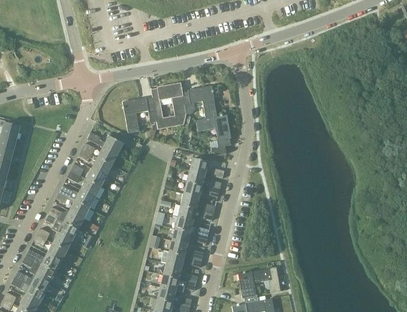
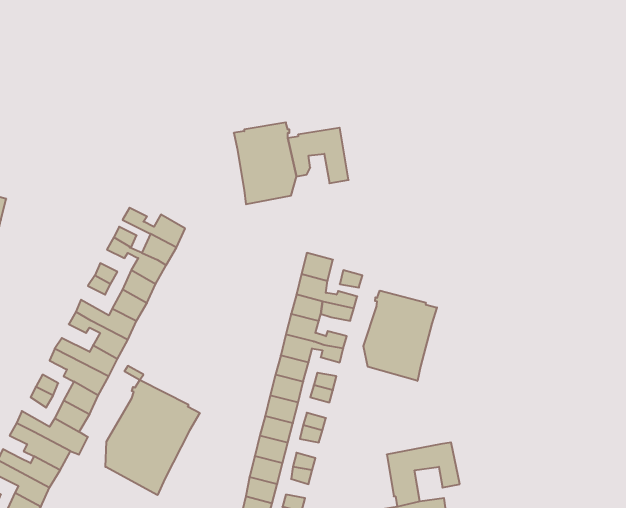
building: [123,96,157,132] -> none
building: [196,114,231,154] -> none
building: none -> [364,291,437,381]
building: none -> [105,380,200,495]

